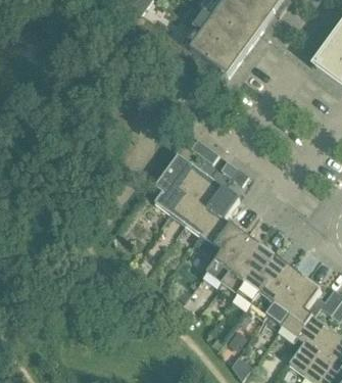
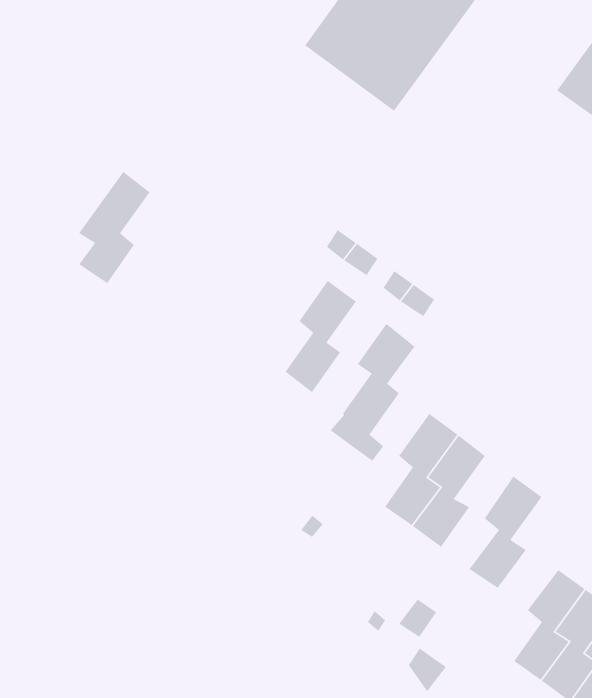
building: [154,151,192,210] -> [78,171,150,284]
building: [184,174,223,233] -> none
building: [206,222,245,281] -> none
building: [251,254,289,314] -> none
building: [281,276,321,335] -> none

